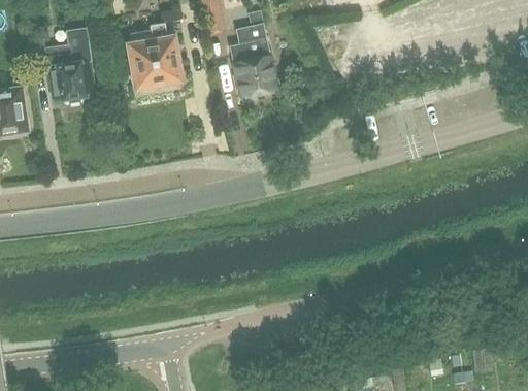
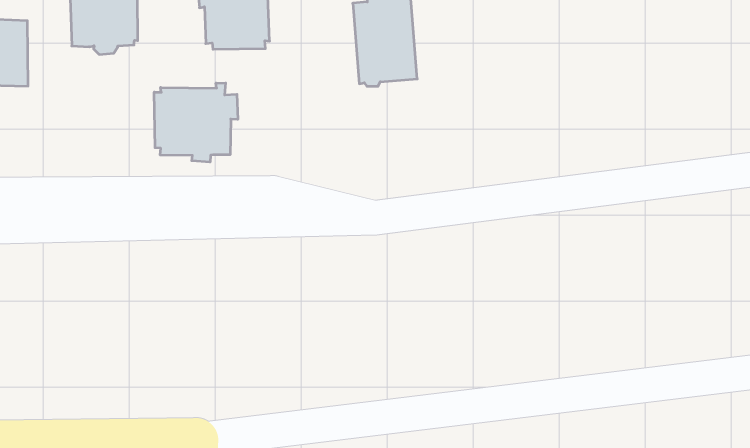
building: none -> [154,83,238,162]

